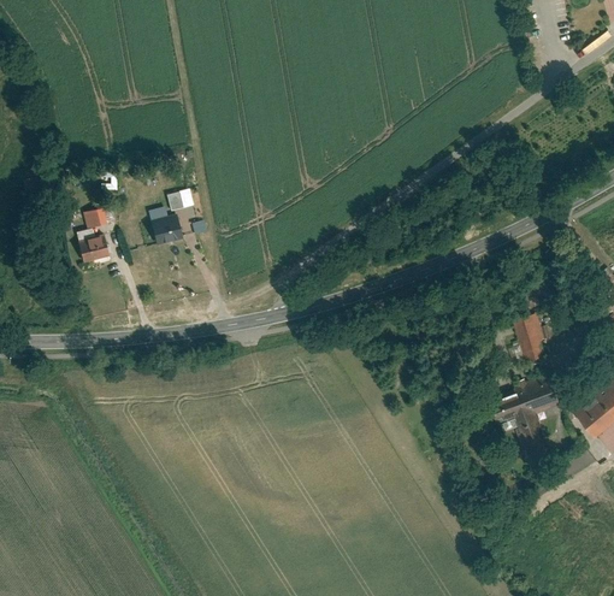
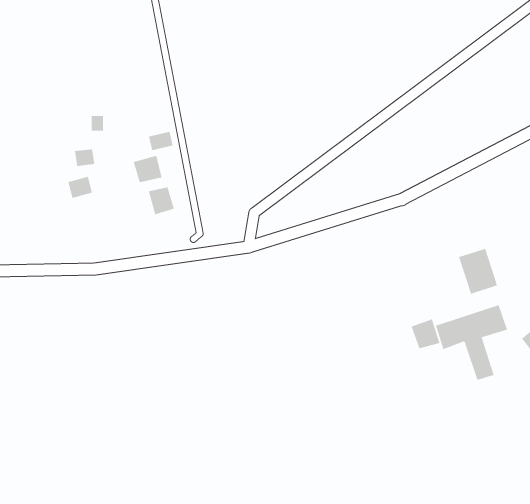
building: none -> [148,187,175,215]
building: none -> [411,319,440,349]

